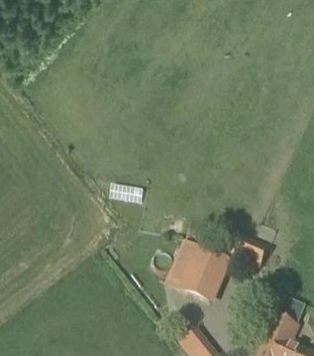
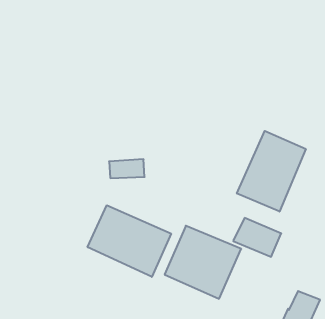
building: none -> [237,131,306,212]
building: none -> [88,205,171,277]

